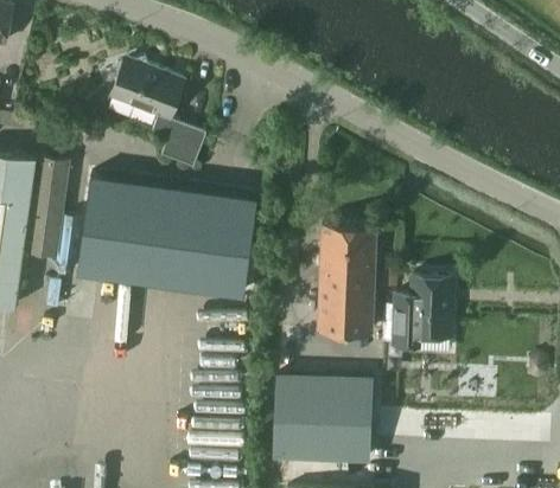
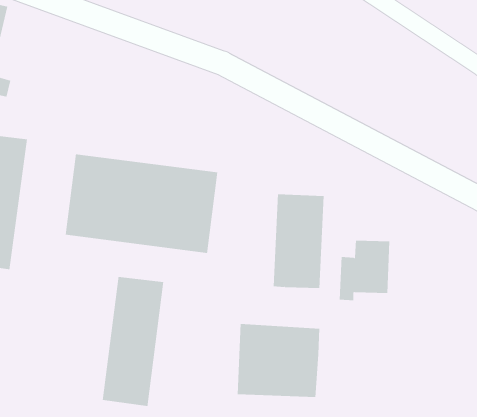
building: [110,62,205,171] -> none
building: [28,165,66,259] -> none
building: none -> [102,276,164,407]

